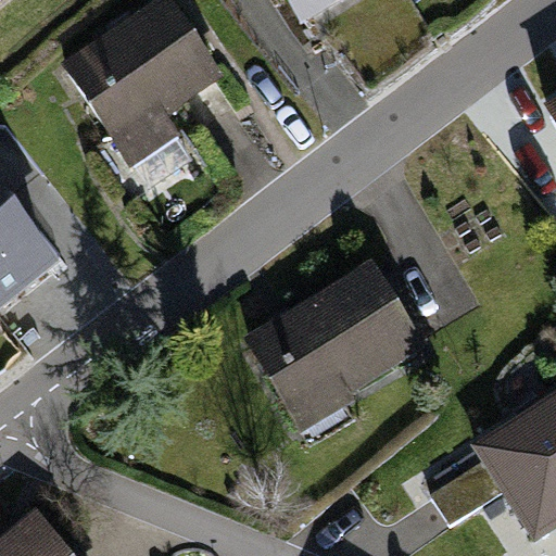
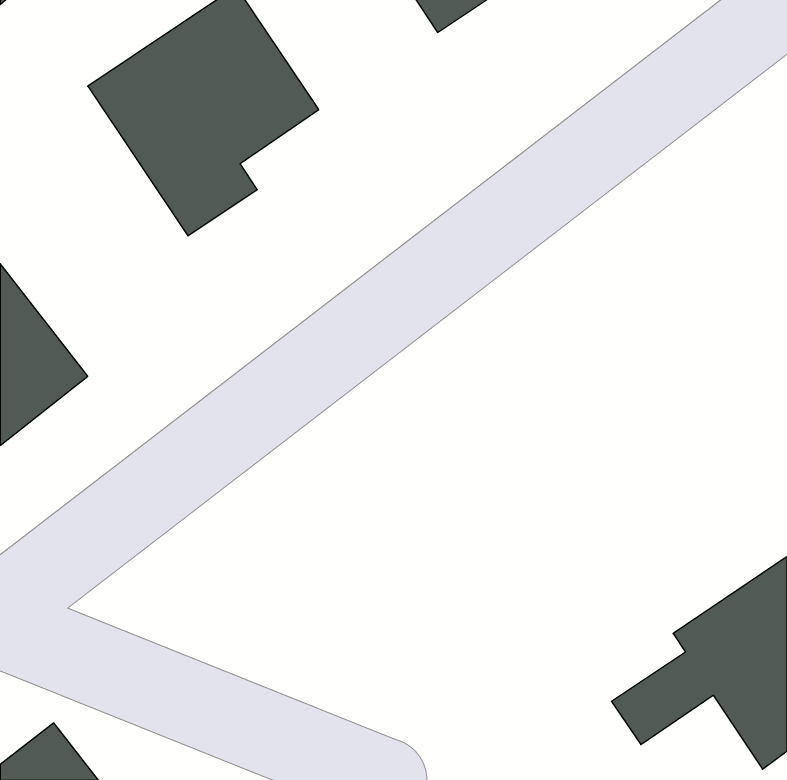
building: [247,260,429,428] -> none

